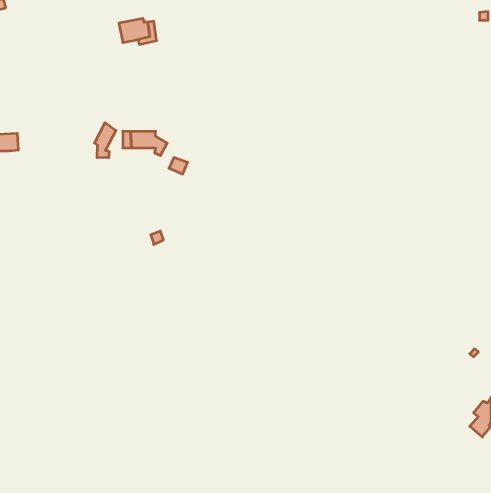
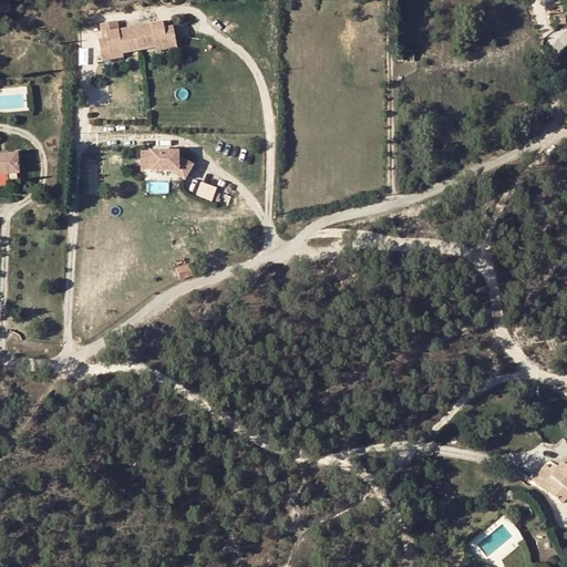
building: none -> [100,22,141,59]
building: [94,123,116,158] -> none

